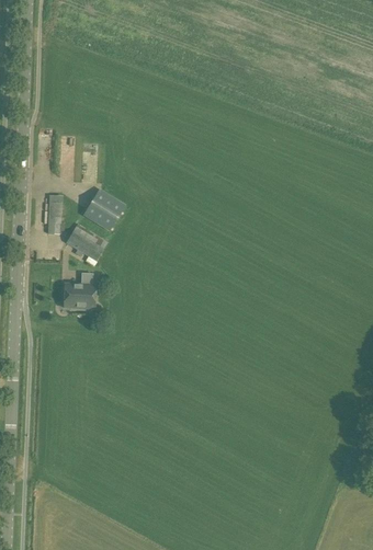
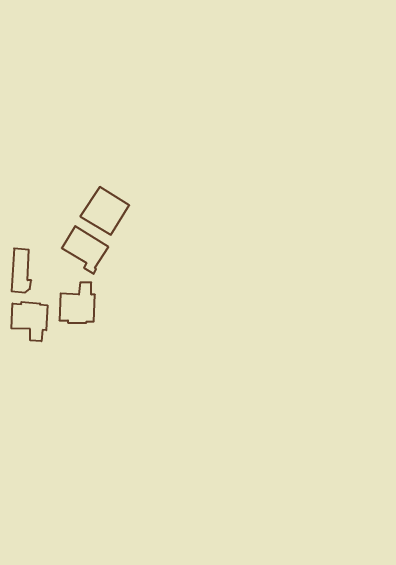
building: [47,195,65,234] -> [12,248,31,293]
building: none -> [11,302,47,341]

